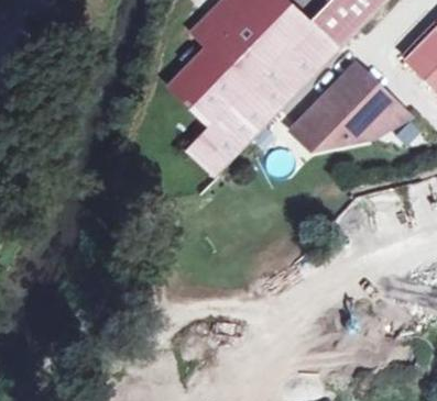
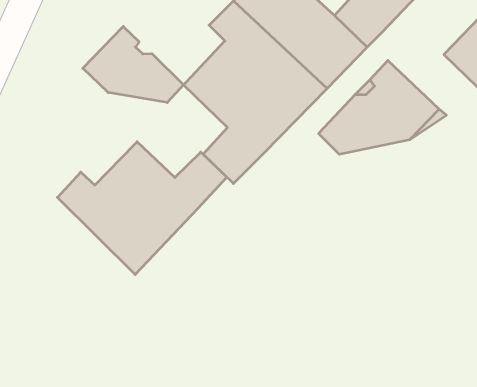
building: none -> [83,26,184,103]
building: none -> [57,142,227,275]

